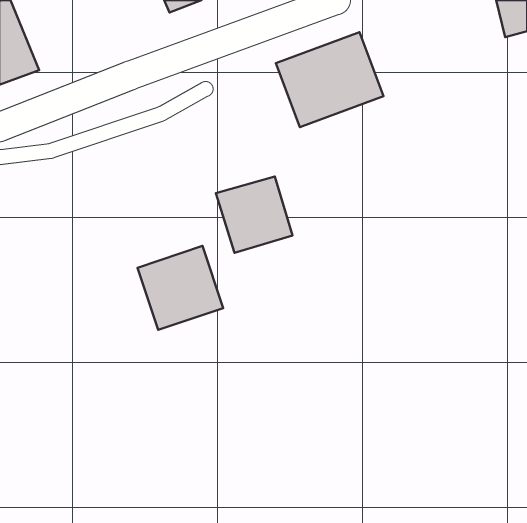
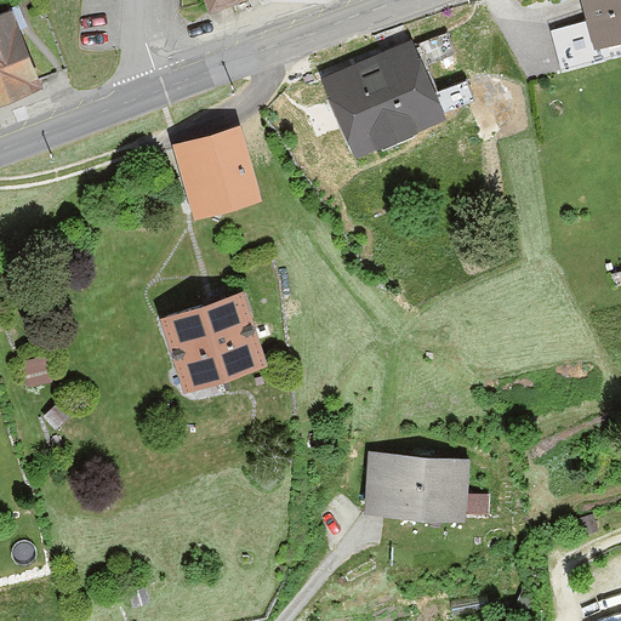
building: [216,176,292,253] -> [170,130,260,220]
building: none -> [364,452,469,518]

